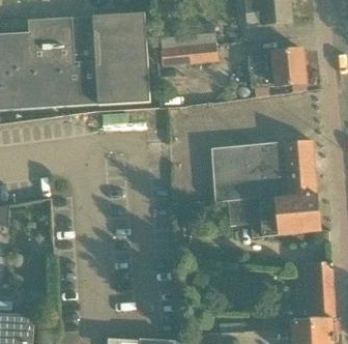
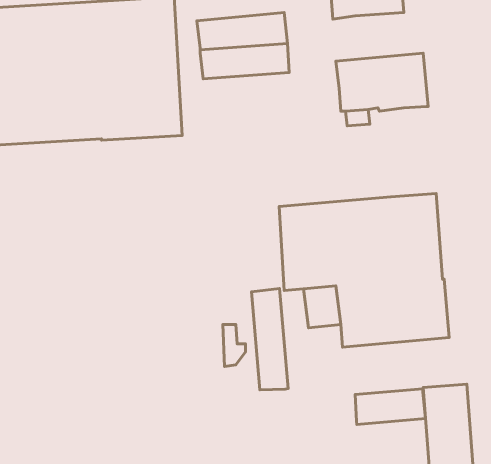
building: none -> [252,289,288,390]
building: none -> [355,389,426,425]

